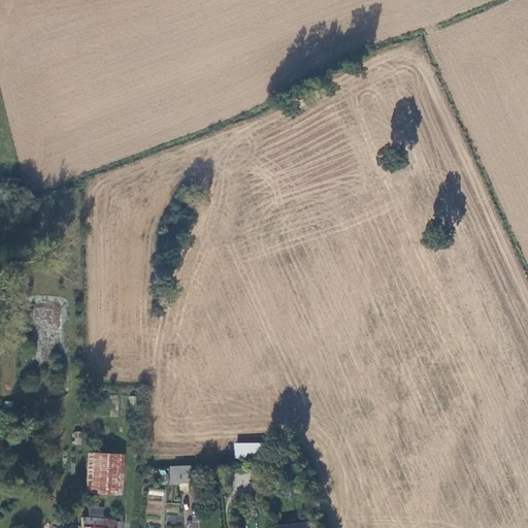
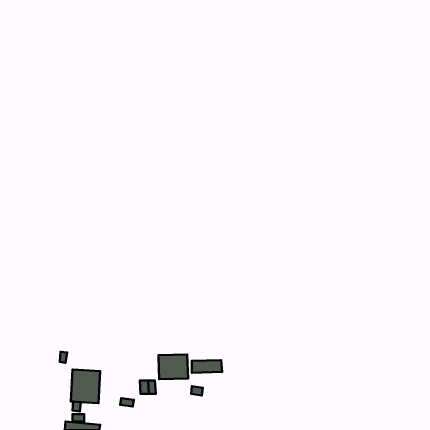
building: none -> [158,354,188,379]

